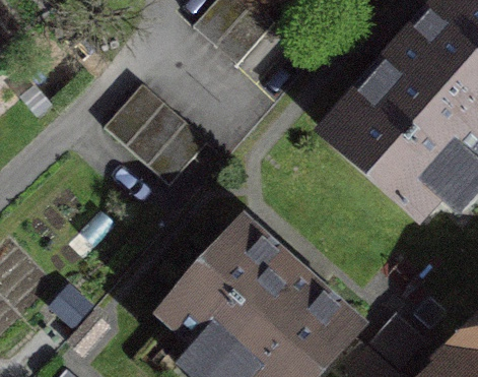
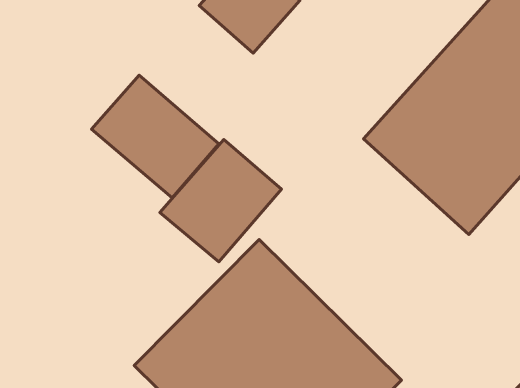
building: none -> [160,140,281,262]

